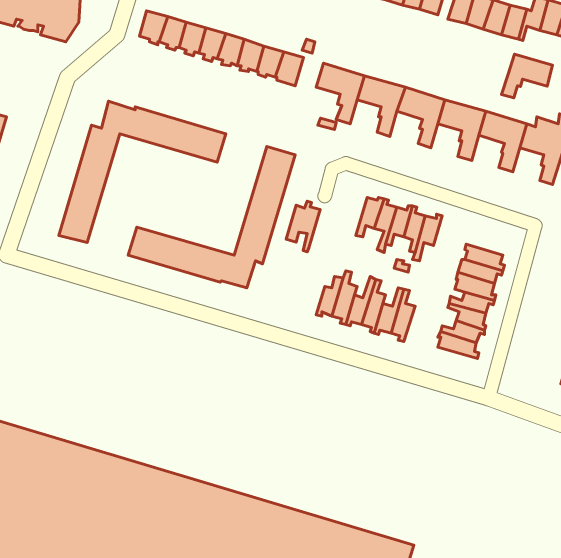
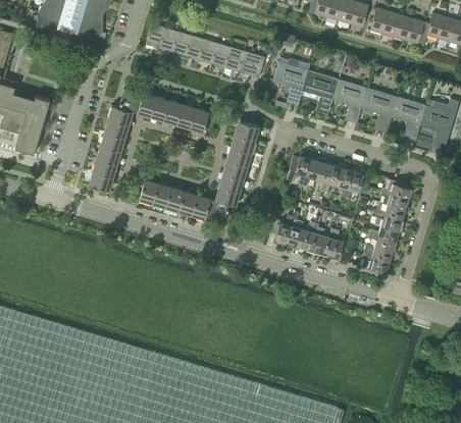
building: [502,54,553,98] -> none
building: [286,201,320,252] -> [286,152,310,189]
building: none -> [381,178,414,200]

